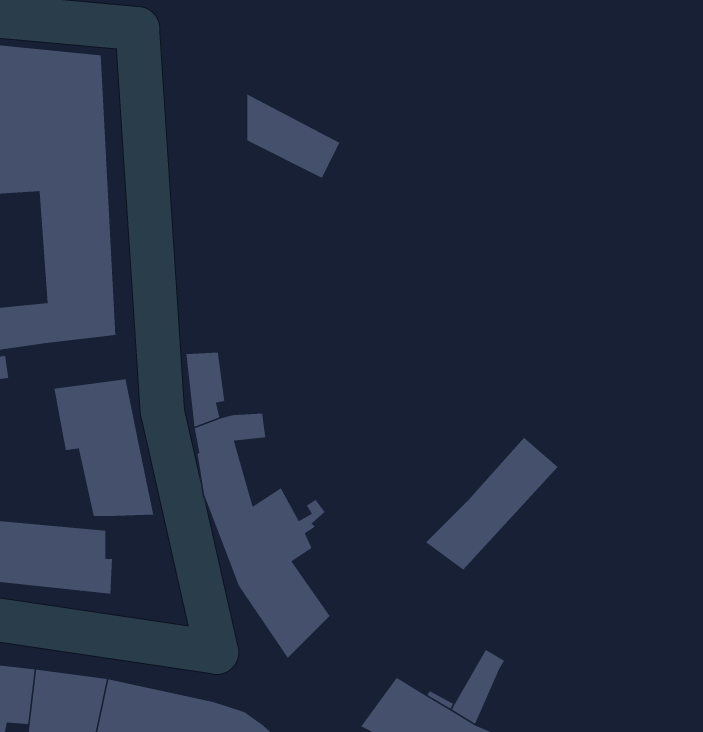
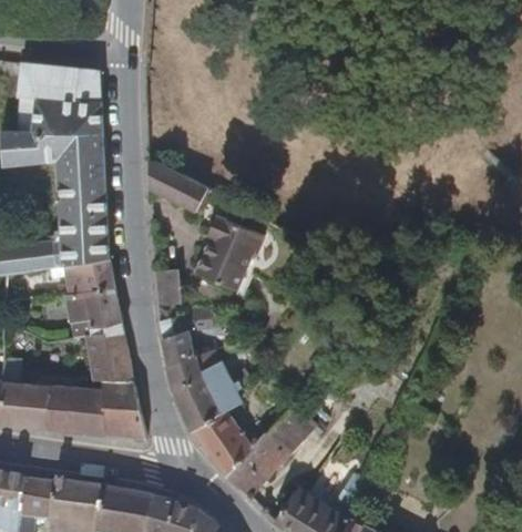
building: [246,93,340,179] -> [150,158,213,216]
building: none -> [194,216,264,291]
building: none -> [61,259,115,295]
building: [425,437,559,571] -> [224,406,314,495]
building: none -> [102,380,145,439]

